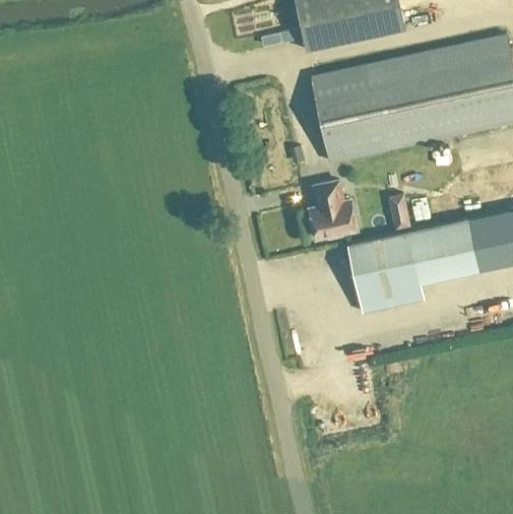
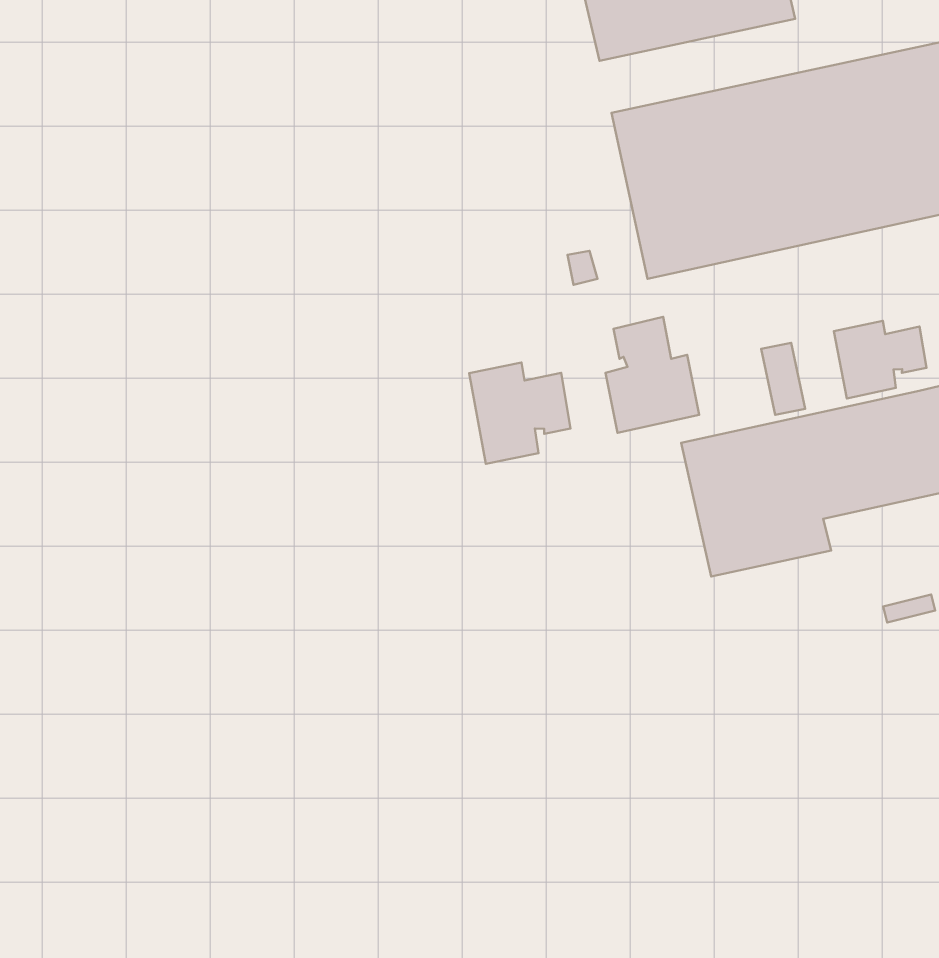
building: none -> [834,321,927,398]
building: none -> [469,363,571,464]

